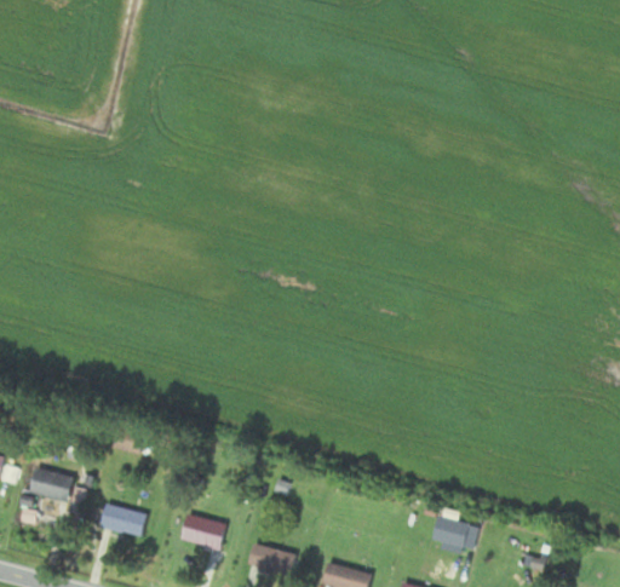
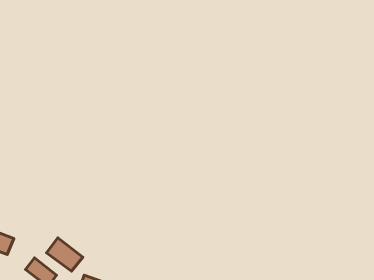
building: none -> [47,238,83,271]

